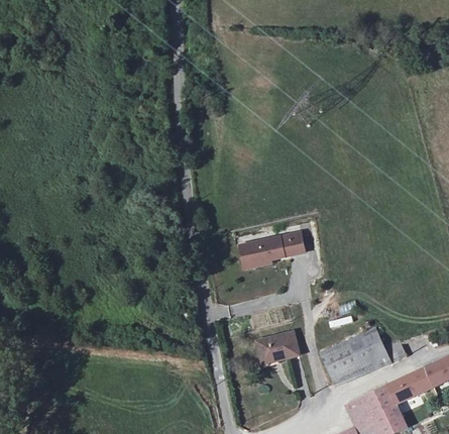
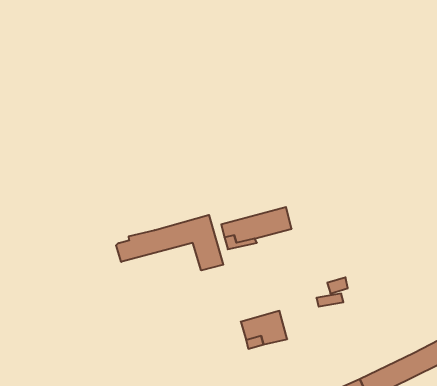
building: none -> [116,215,223,270]
building: [322,328,386,383] -> none

